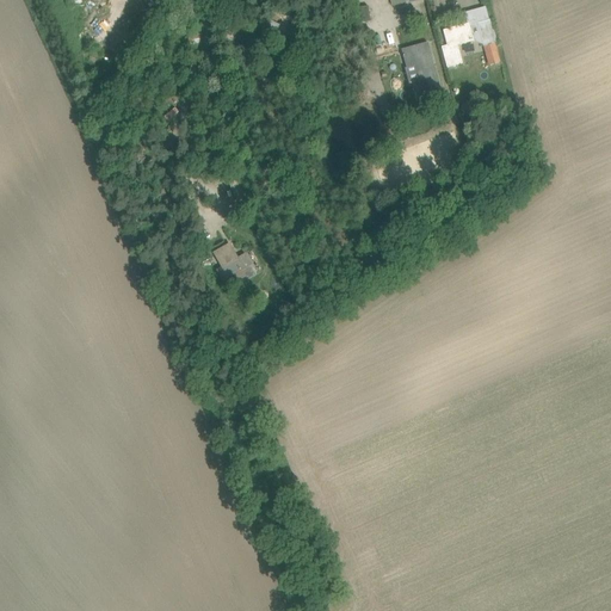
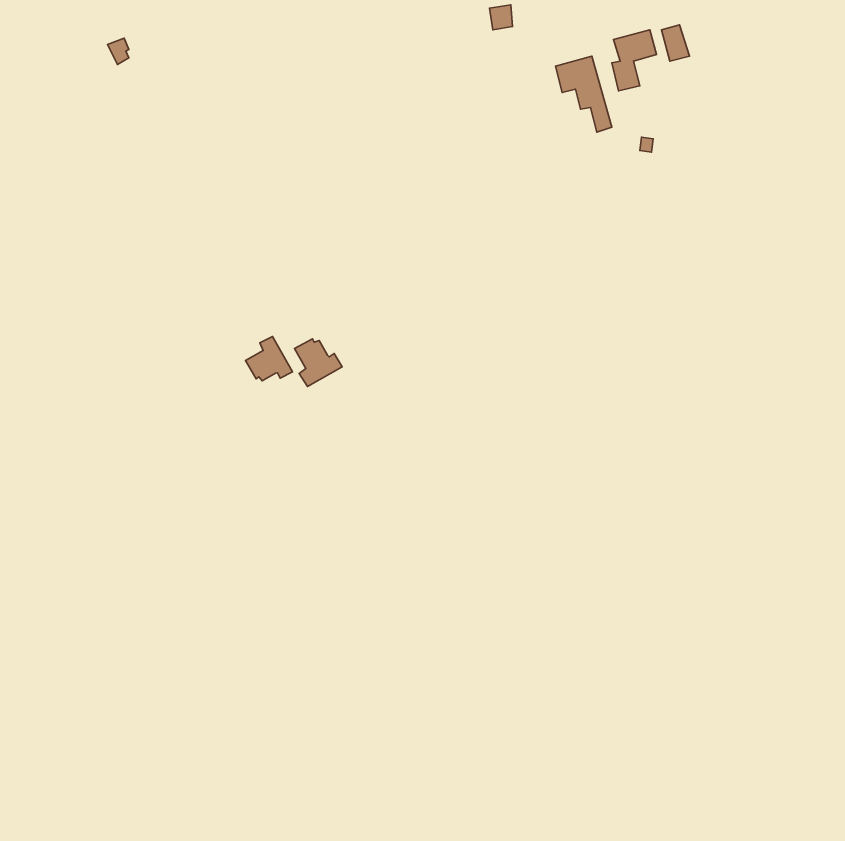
building: none -> [245,337,293,381]

